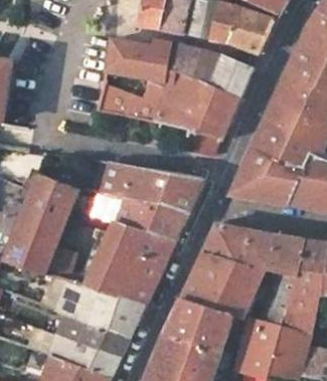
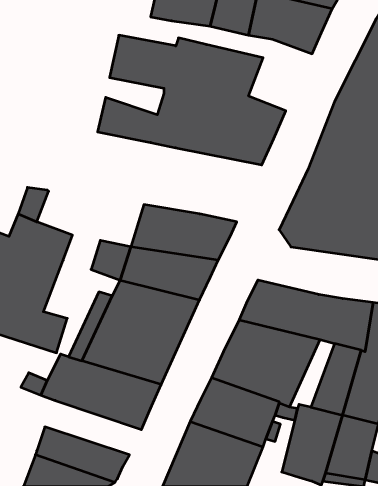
building: [211,54,252,94] -> none
building: [99,163,132,198] -> none
building: [56,315,130,356] -> none

